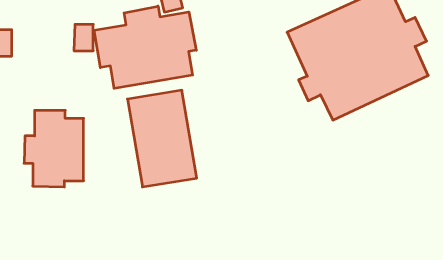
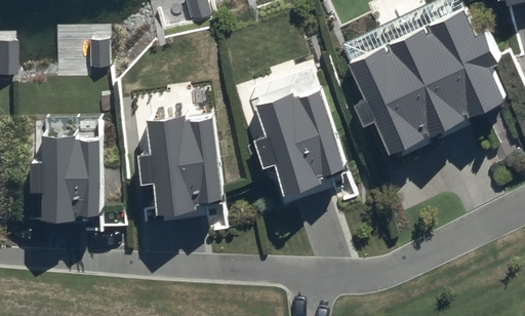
building: [94,6,196,88] -> none
building: none -> [256,90,350,202]

